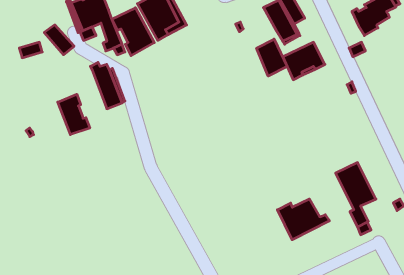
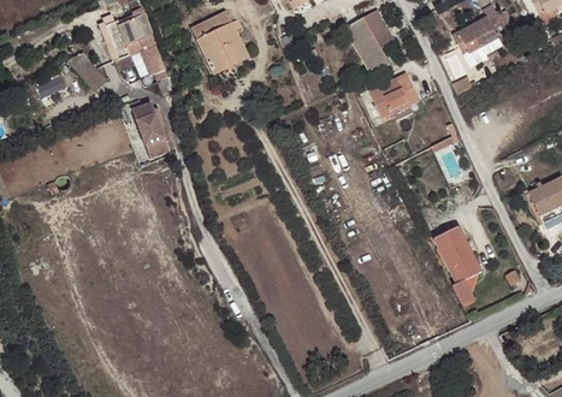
building: [112,8,154,56] -> none
building: [257,39,287,76] -> none
building: [58,94,90,135] -> none
building: [277,199,329,240] -> none

